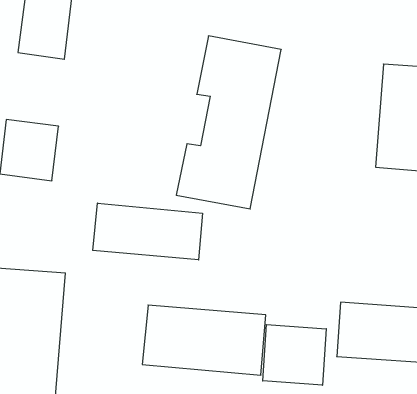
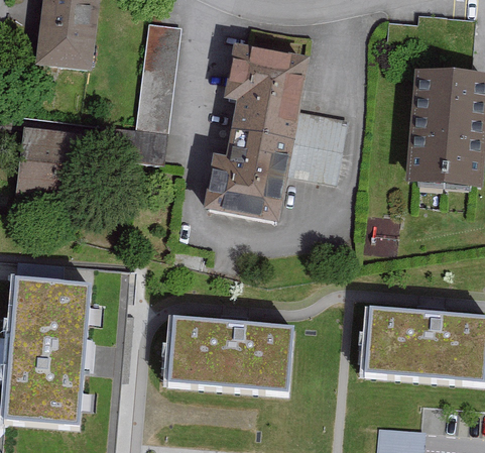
building: none -> [99,18,178,160]
building: [93,203,202,260] -> none
building: [263,325,326,385] -> none

